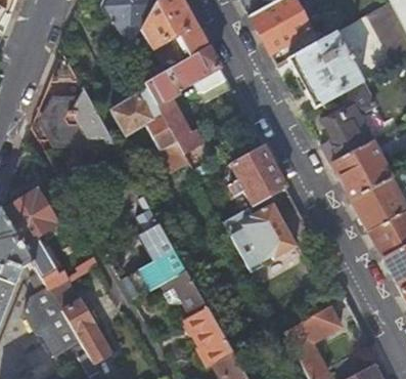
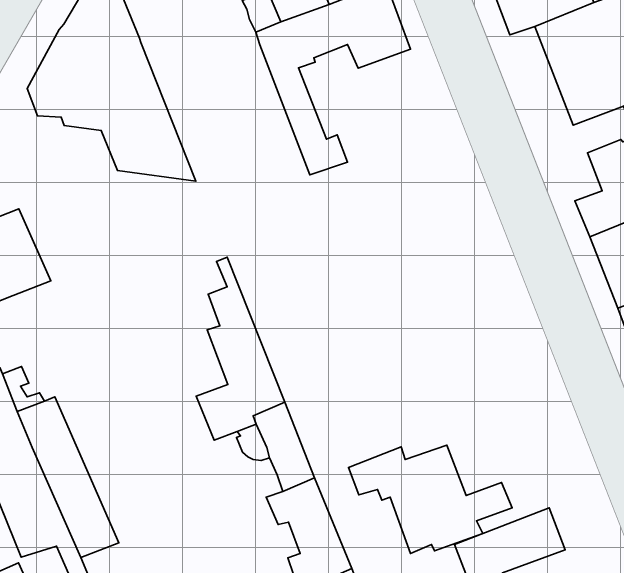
building: [110,87,189,171] -> none
building: [229,144,285,205] -> none
building: [223,203,310,261] -> [348,445,512,554]

